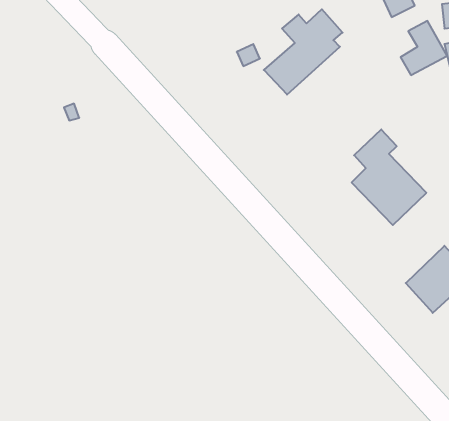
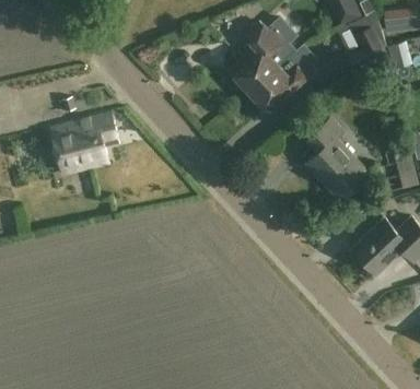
building: none -> [250,44,318,110]
building: none -> [55,113,119,173]

